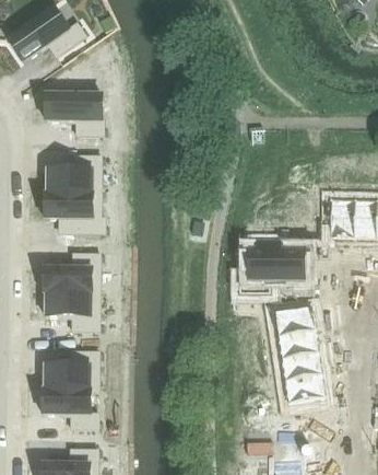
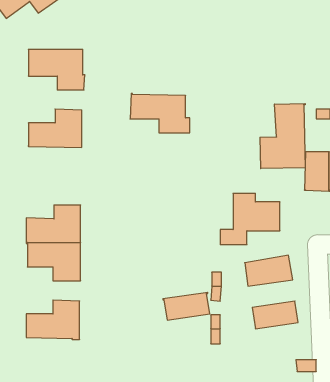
building: none -> [260,104,305,169]
building: [43,190,104,231] -> [130,93,190,133]
building: [270,328,318,357] -> [163,292,210,320]
building: [277,372,324,404] -> none
building: [40,386,97,427] -> none

